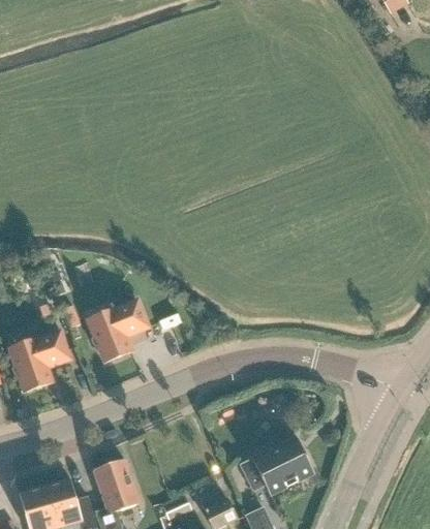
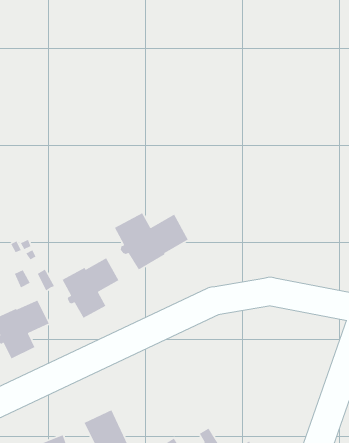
building: none -> [114,212,189,270]
building: [240,436,314,496] -> none

